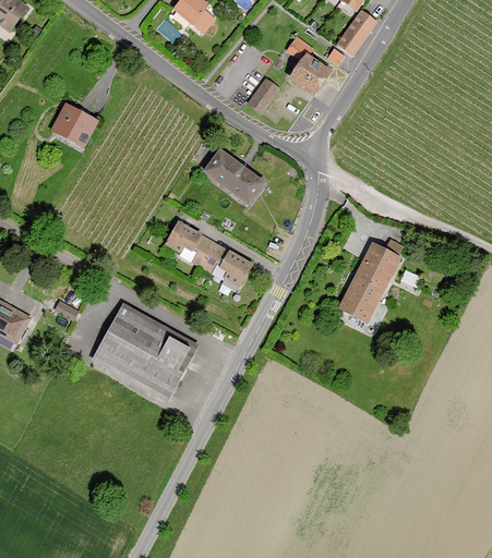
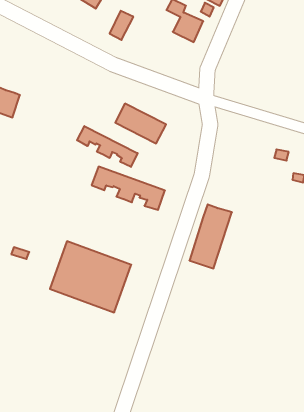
building: [248,77,279,112] -> [110,11,133,40]
building: none -> [77,126,138,167]
building: [340,243,400,320] -> [189,204,232,268]

